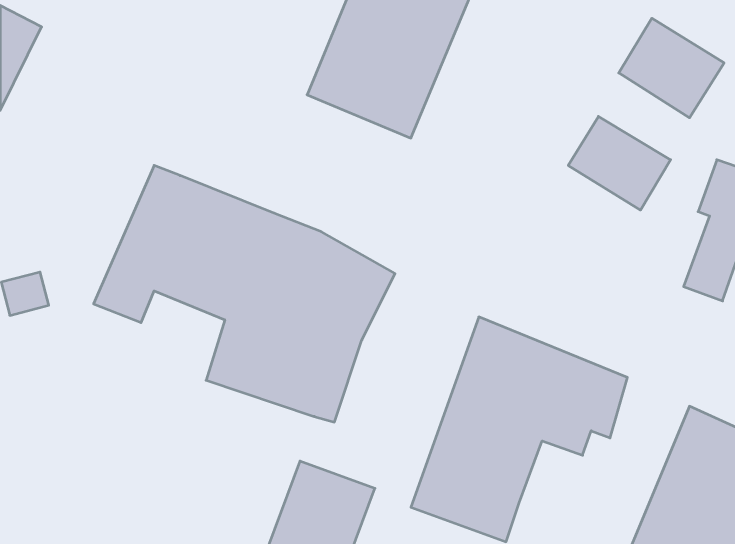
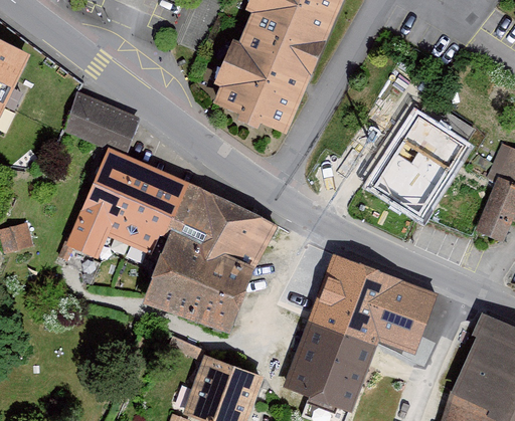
building: [619,18,724,118] -> [373,149,447,218]
building: none -> [64,96,140,156]

